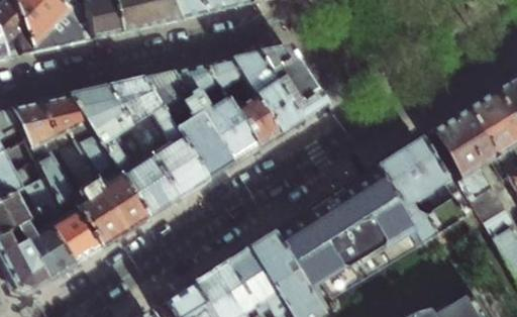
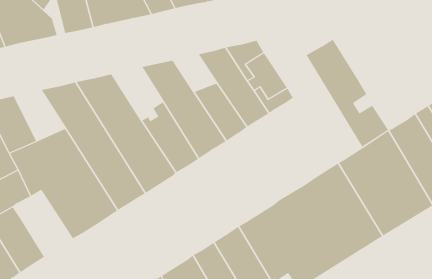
building: none -> [306,39,389,148]
building: [203,58,247,96] -> none
building: [140,71,193,125] -> none
building: [40,94,93,146] -> none
building: [43,197,100,265] -> none

